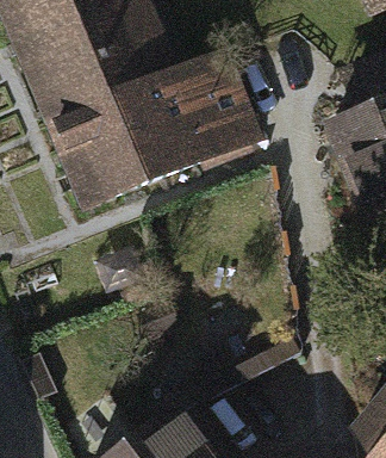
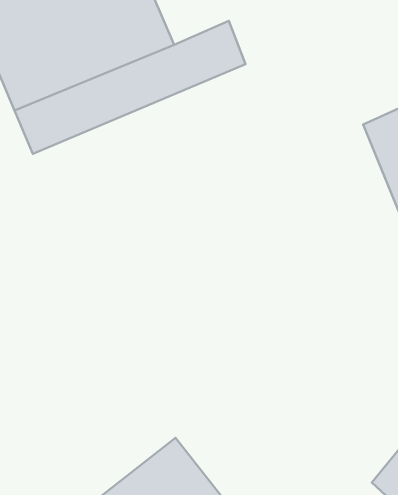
building: [61,87,264,216] -> none

